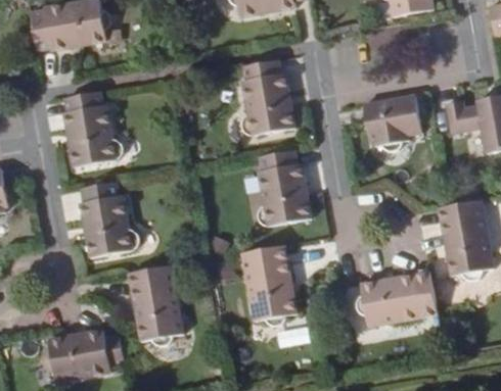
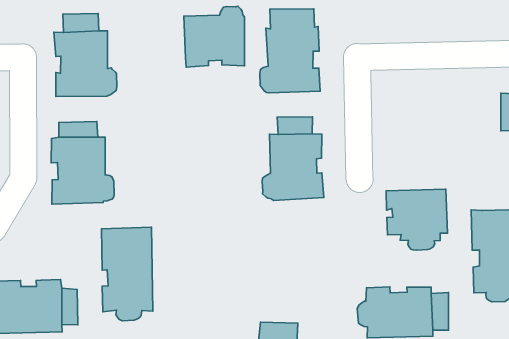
building: none -> [184,6,245,67]
building: [362,94,419,149] -> [386,189,447,250]
building: [239,244,294,327] -> none

